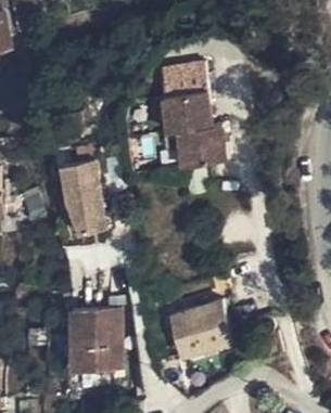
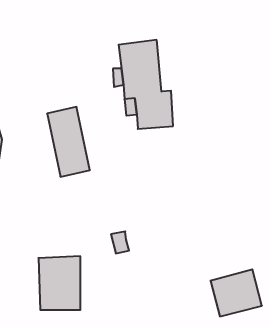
building: [162,308,220,361] -> [210,269,262,316]

